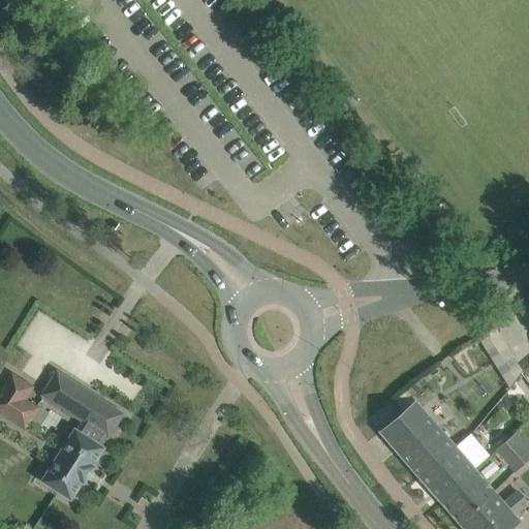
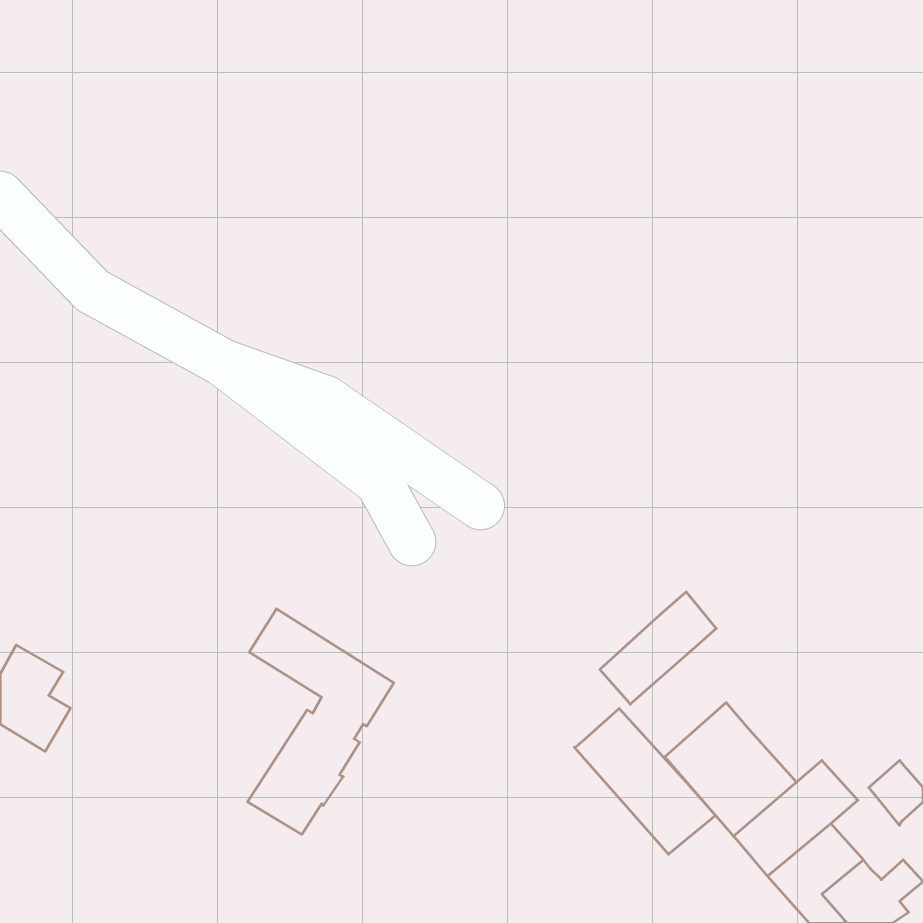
building: none -> [600,592,716,704]
building: [40,371,124,500] -> [248,609,394,834]
building: none -> [574,708,715,854]

